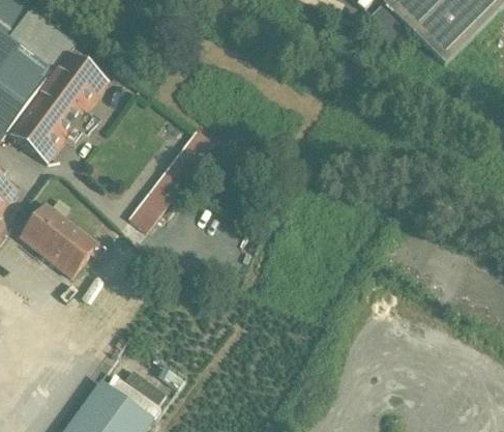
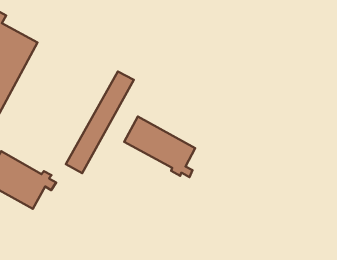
building: none -> [124,116,195,177]

